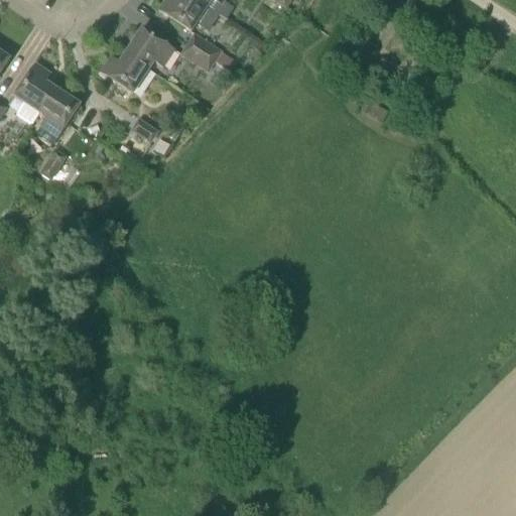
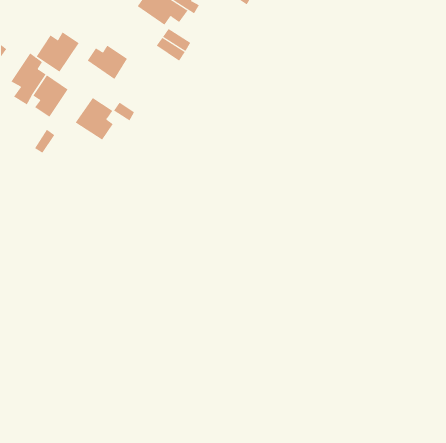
building: [125,25,175,68] -> none
building: none -> [36,32,79,72]
building: none -> [75,97,113,140]

